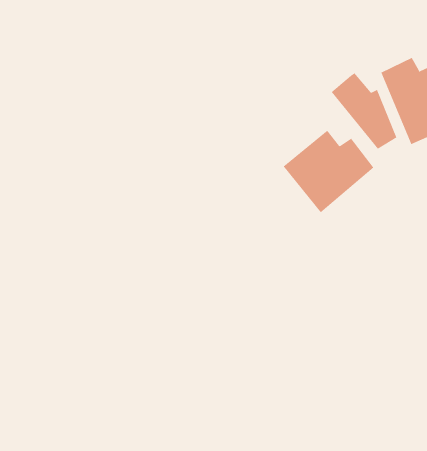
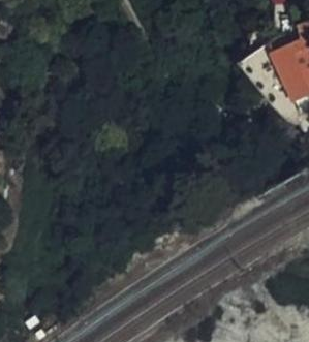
building: [283,130,374,213] -> none

